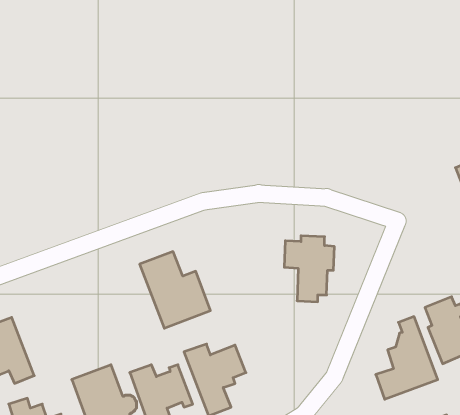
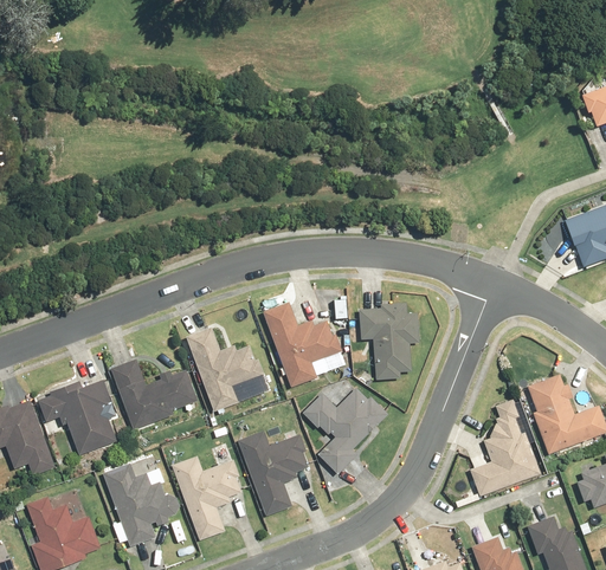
building: none -> [262,303,347,388]
building: none -> [110,360,198,432]
building: none -> [37,378,116,456]
building: none -> [301,382,388,473]

